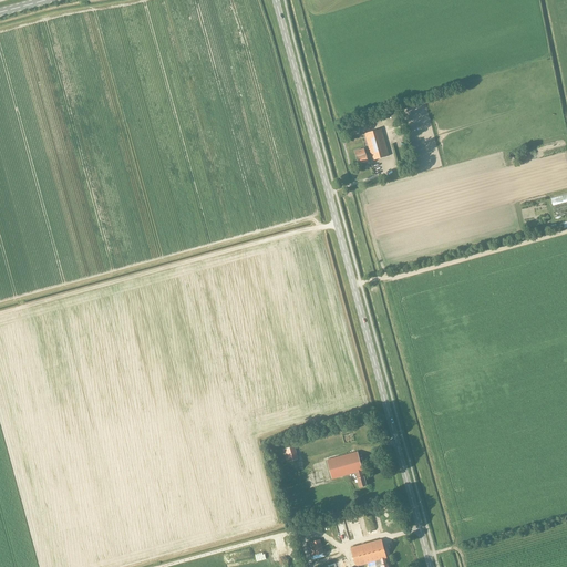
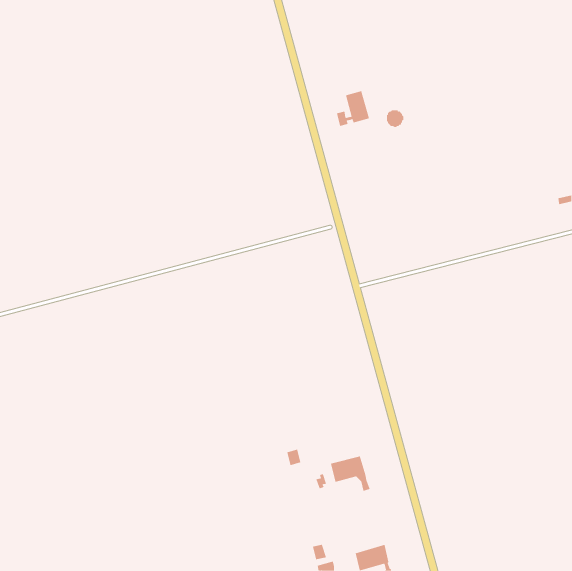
building: [355,127,389,163] -> [336,91,370,126]

